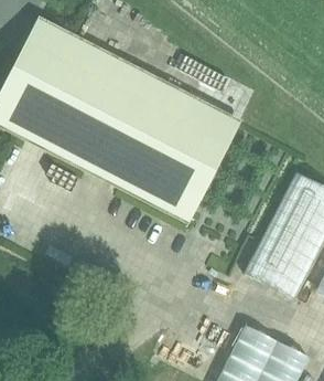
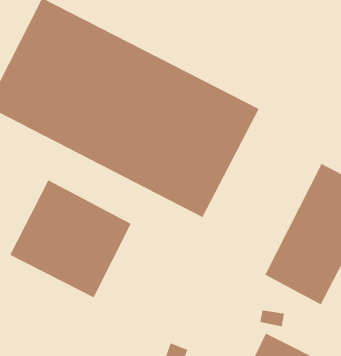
building: none -> [10,180,131,298]

